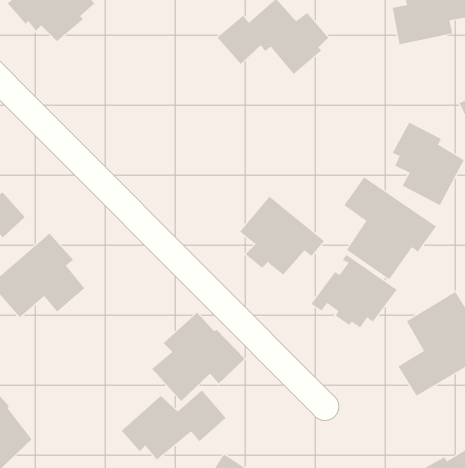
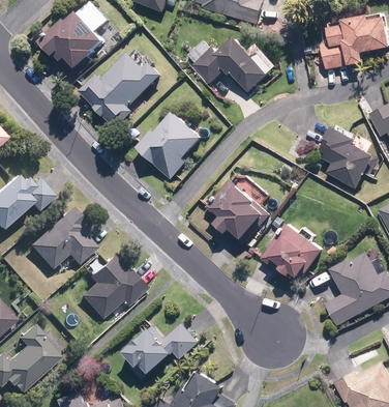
building: none -> [78,53,161,129]
building: none -> [134,111,203,180]
building: [343,176,437,280] -> none
building: [151,312,245,402] -> [78,255,146,320]

